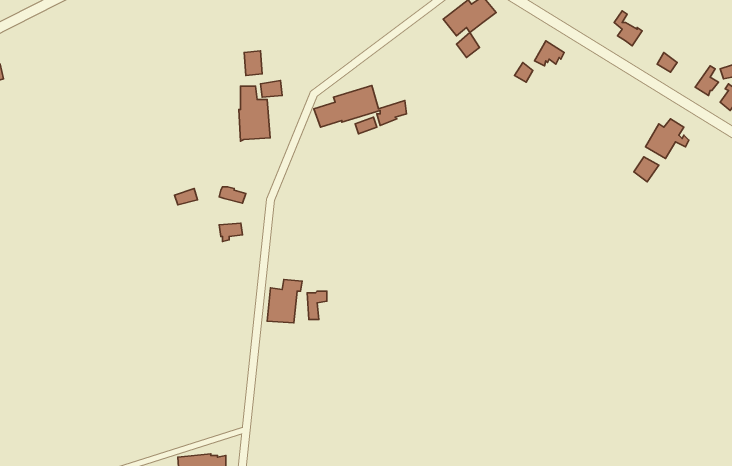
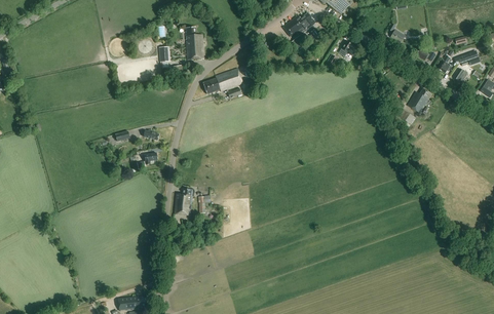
building: [239,86,270,141] -> [186,27,205,61]

